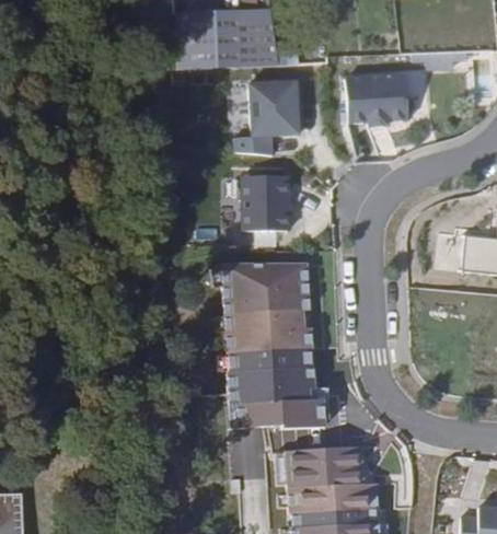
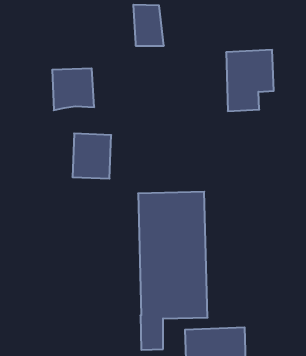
building: [166,9,223,66] -> [52,68,94,110]
building: [234,80,302,158] -> none
building: [240,174,292,235] -> [72,133,111,179]

